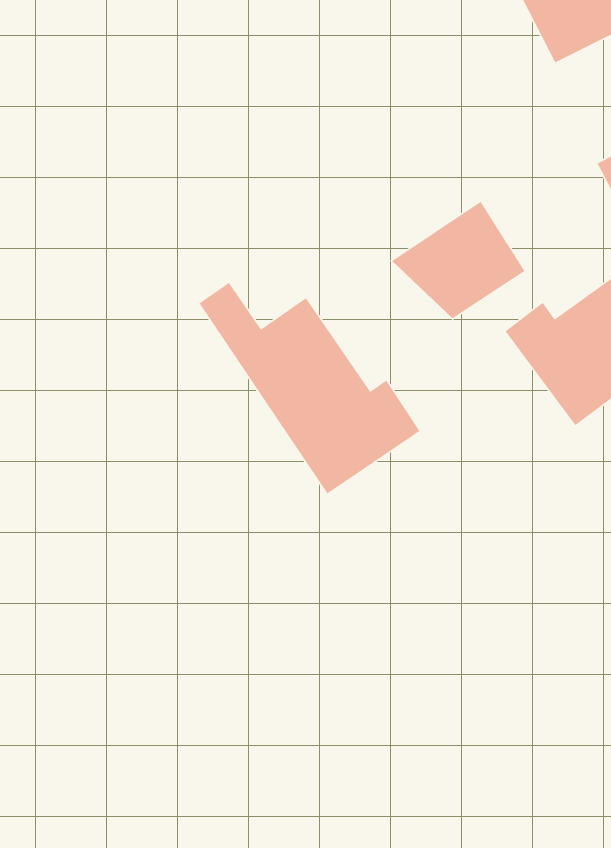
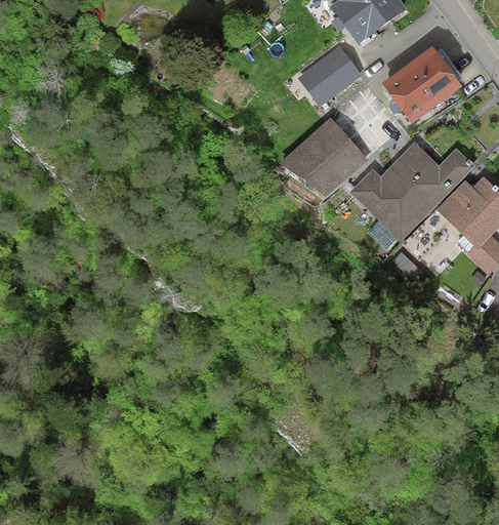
building: none -> [301,49,357,100]
building: [199,282,421,495] -> none

